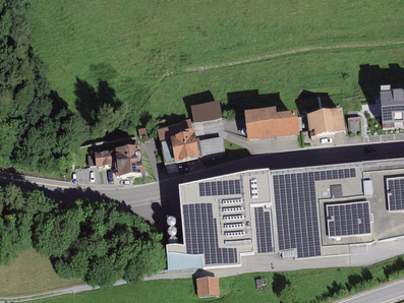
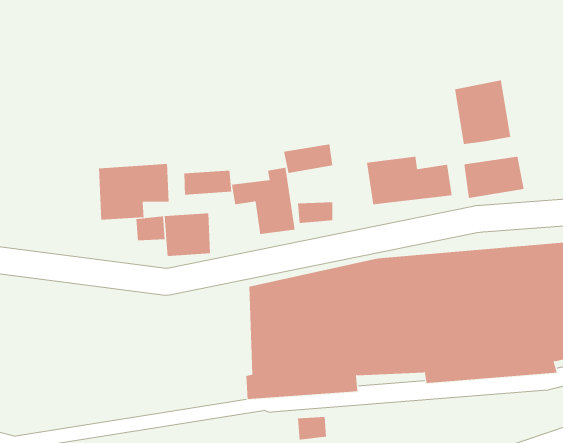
building: none -> [454,80,511,145]
building: none -> [99,163,169,220]
building: none -> [184,170,232,195]

